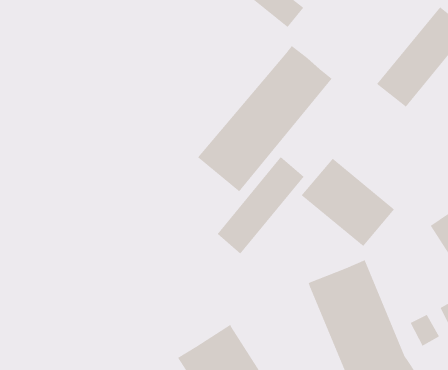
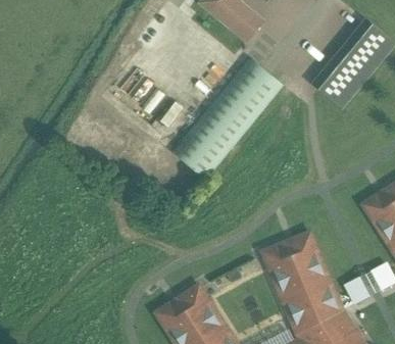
building: [217,156,304,254] -> none
building: [301,158,395,247] -> none

